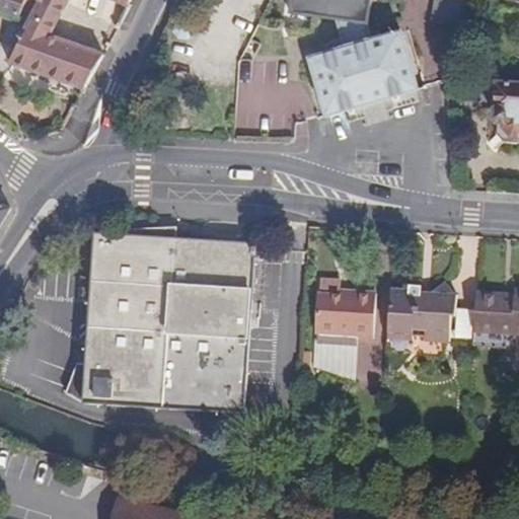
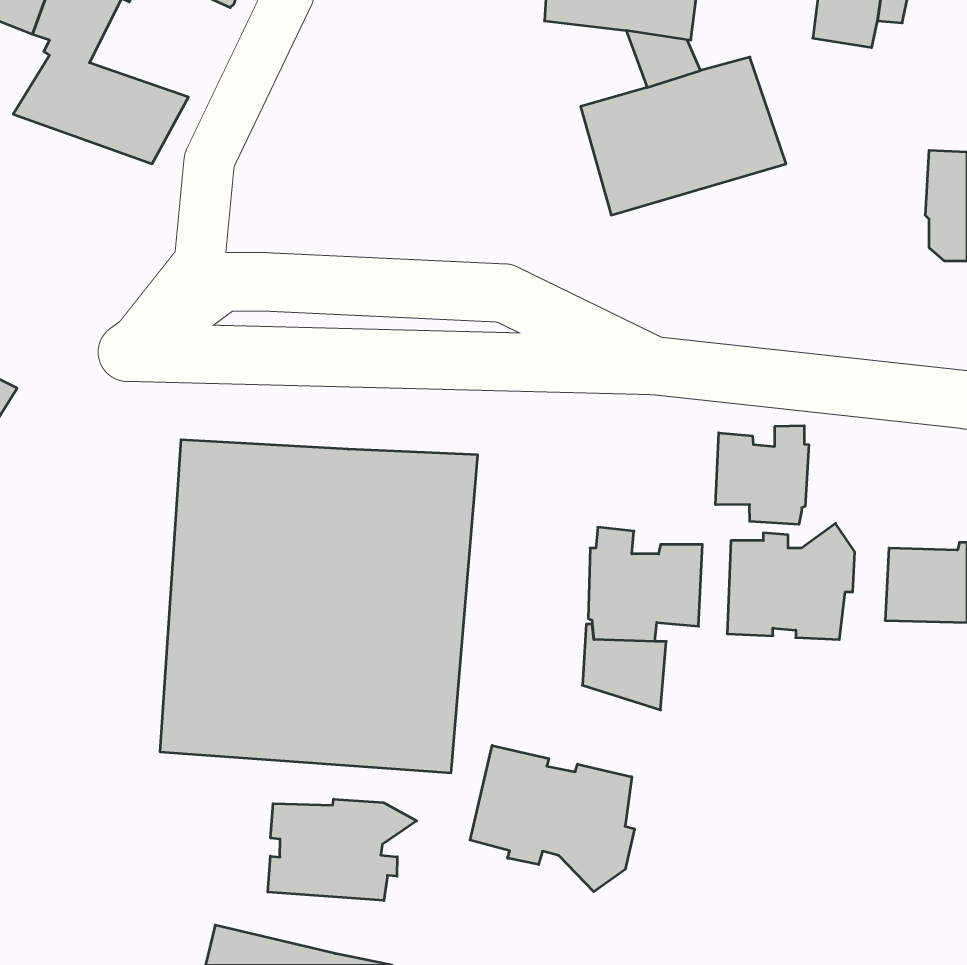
building: none -> [716,426,809,524]
building: none -> [470,745,634,892]
building: none -> [268,799,417,901]

